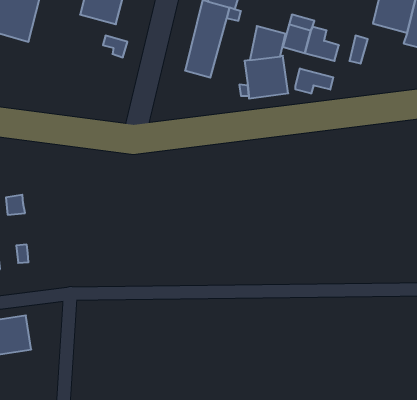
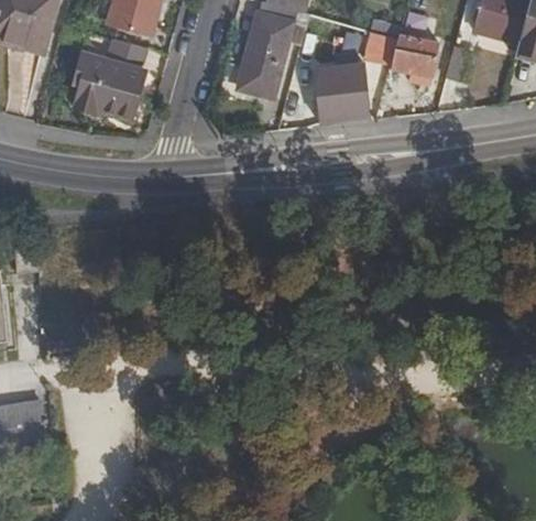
building: none -> [74,55,144,120]
building: [295,68,333,94] -> none

